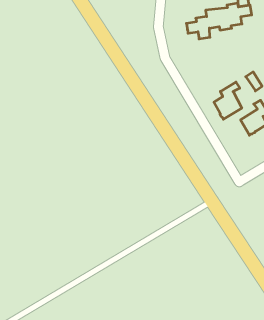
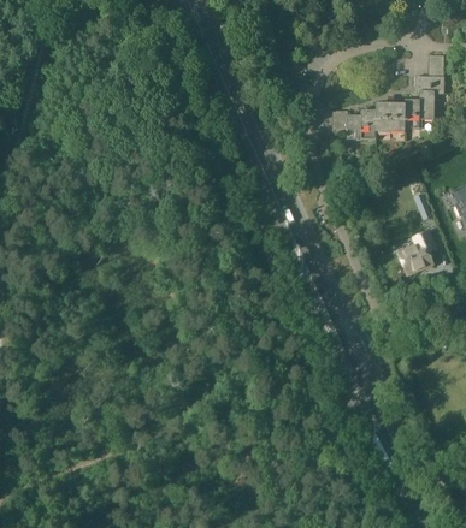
building: [214,82,242,119] -> none

